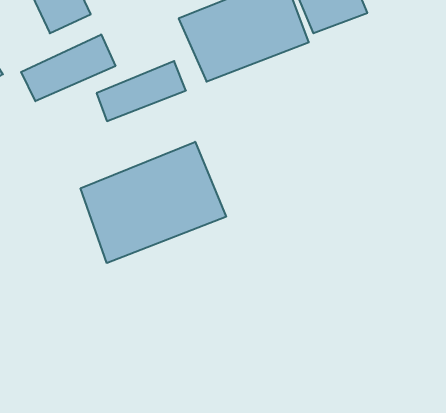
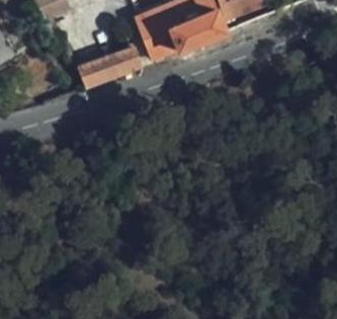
building: [21,34,115,101] -> none
building: [81,142,226,263] -> none

